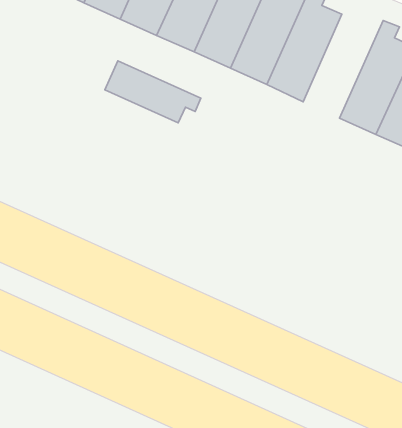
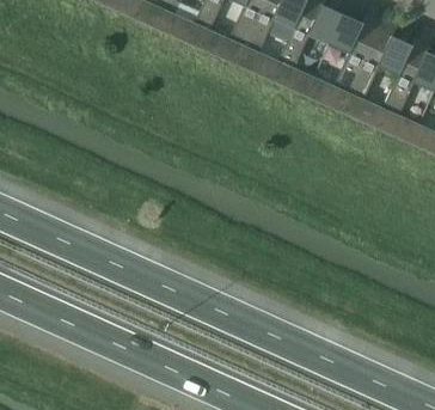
building: none -> [308,13,385,114]
building: [105,61,201,123] -> none

